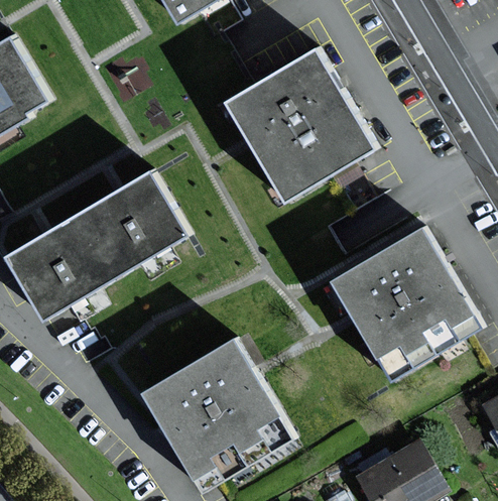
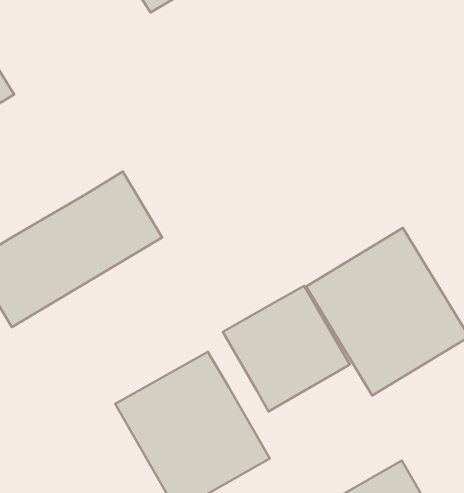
building: [224,48,373,202] -> none
building: none -> [223,286,350,411]

